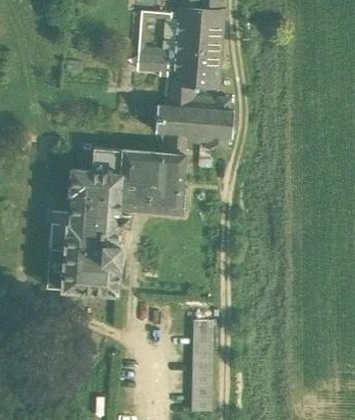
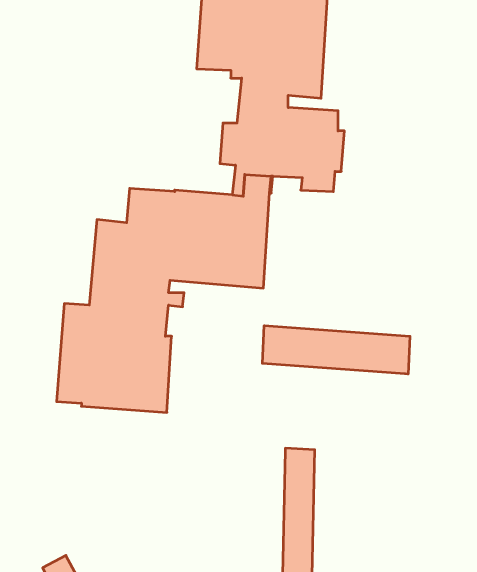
building: none -> [262,326,410,374]

